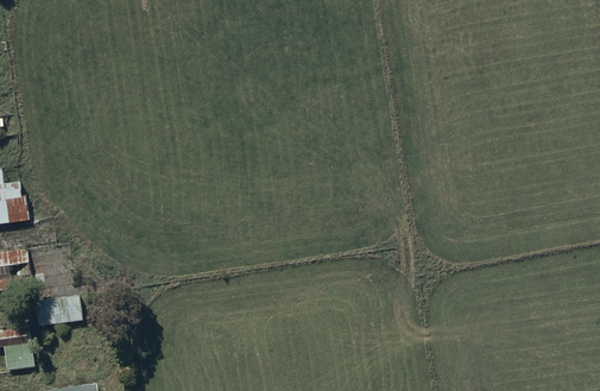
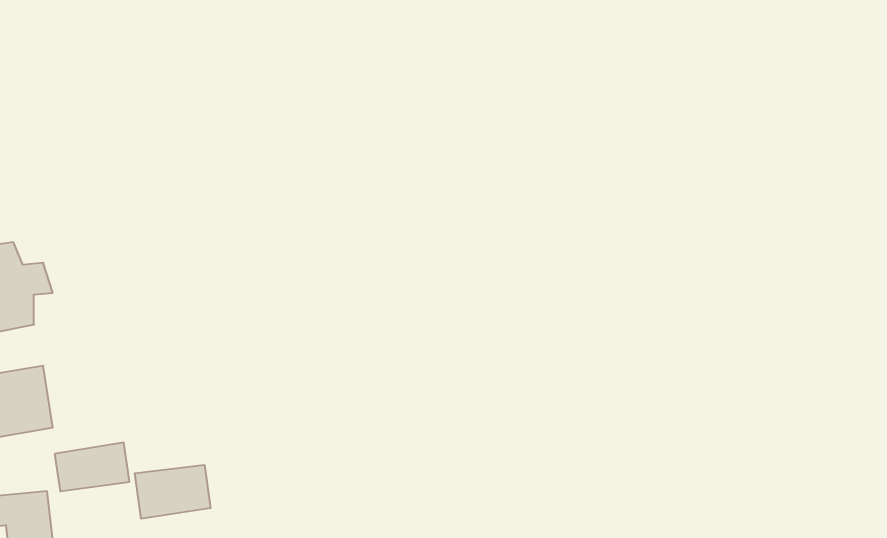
building: none -> [135,465,210,519]

